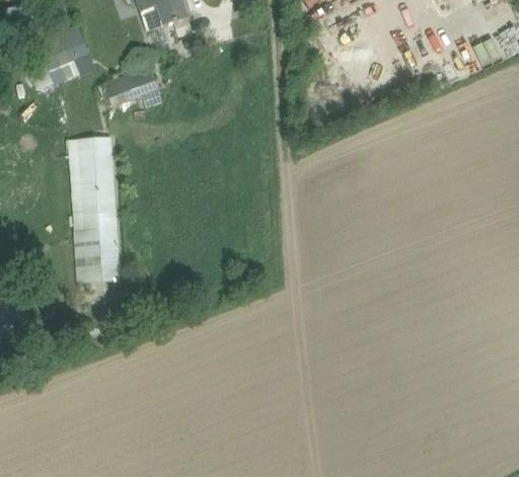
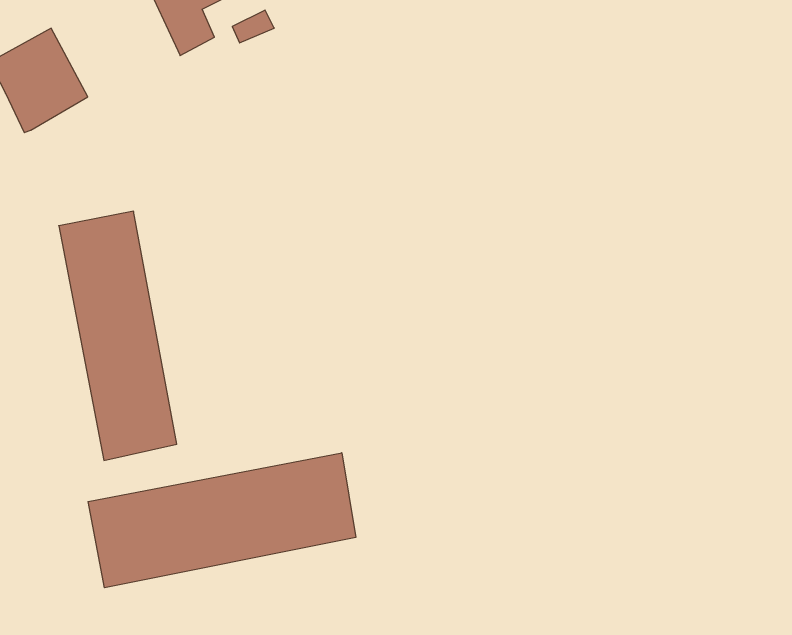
building: [103,65,158,105] -> none
building: none -> [88,453,356,588]

